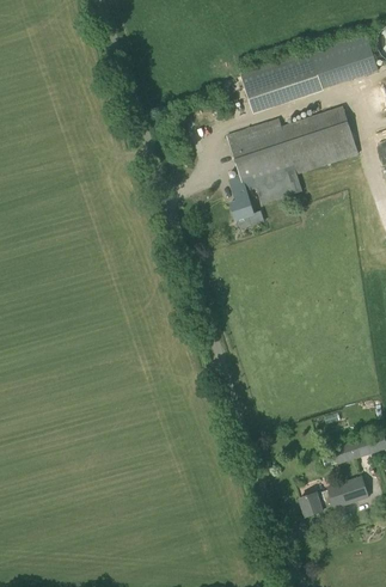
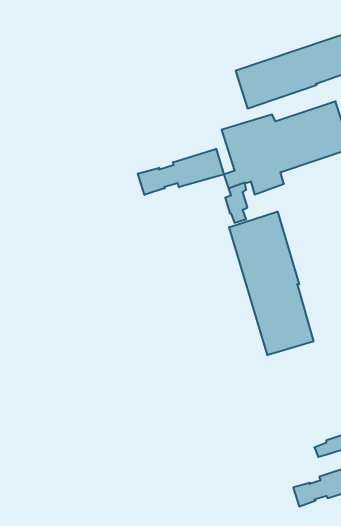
building: none -> [138,149,224,195]
building: none -> [229,212,313,355]

